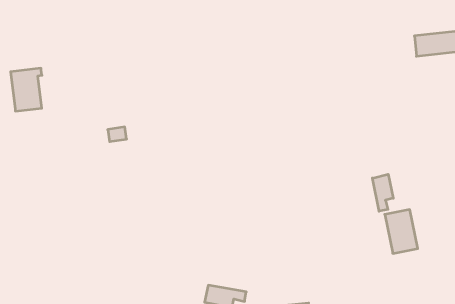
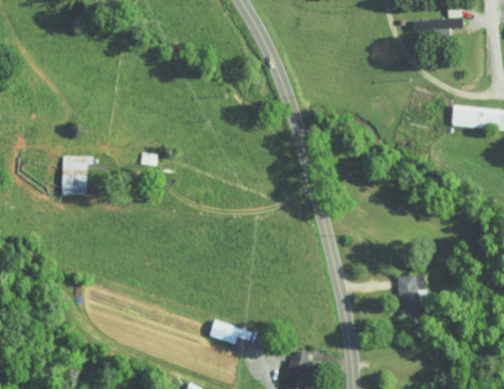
building: [11,68,42,111] -> [61,155,92,195]
building: [372,174,393,211] -> none

